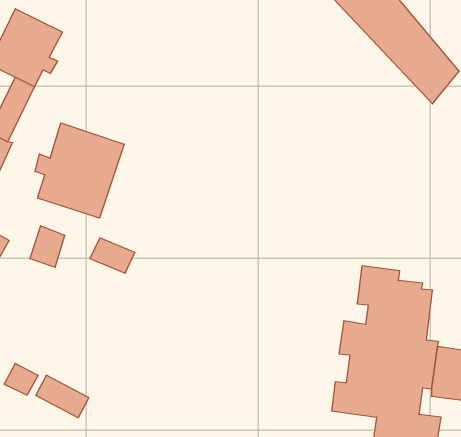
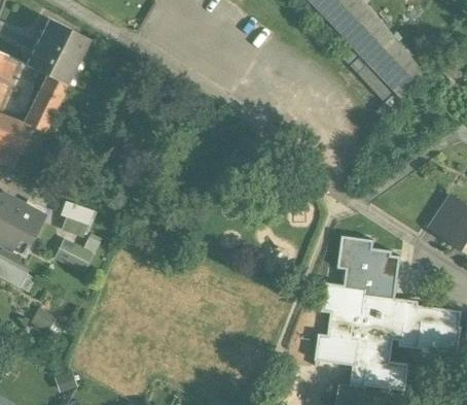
building: [35,123,124,218] -> none
building: [90,238,135,273] -> [55,240,93,270]
building: [36,375,89,418] -> none

